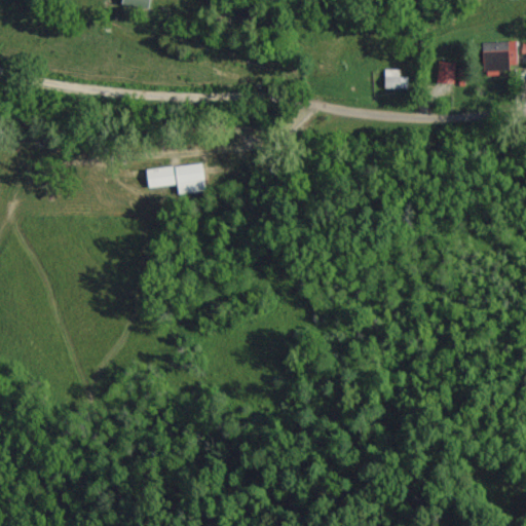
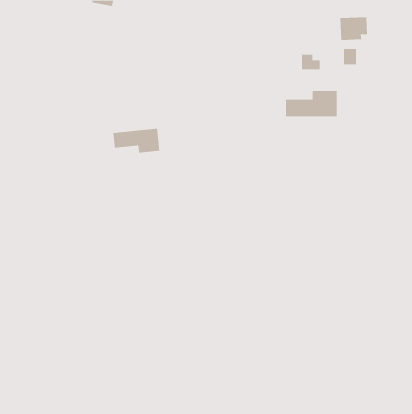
building: [482,41,518,71] -> [340,17,368,40]
building: none -> [285,90,337,117]

